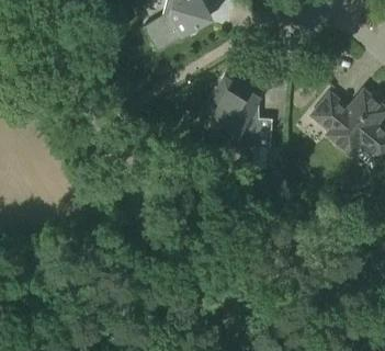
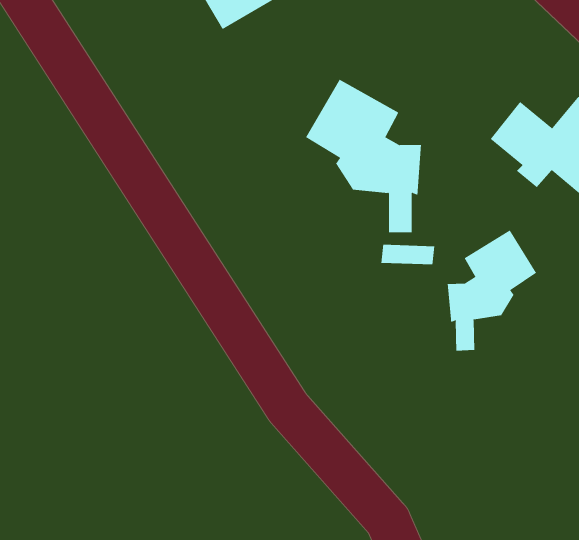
building: none -> [447,229,537,352]

